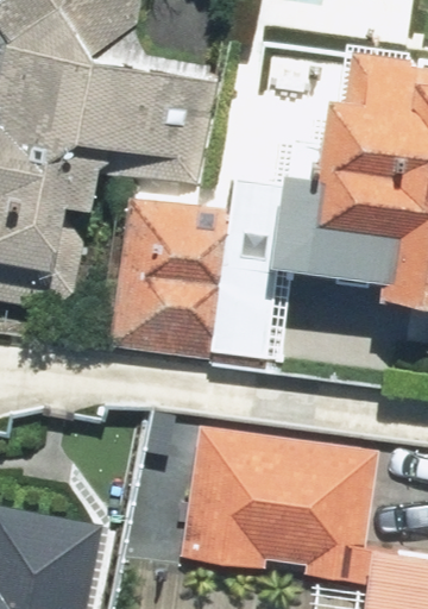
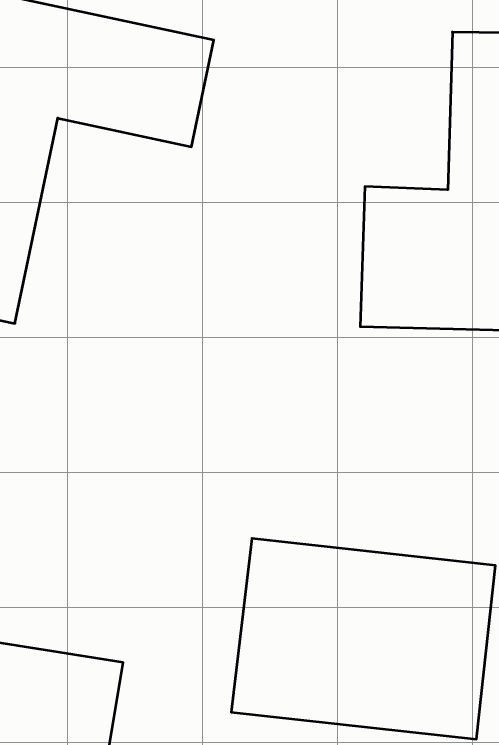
building: [124,208,240,365] -> none

